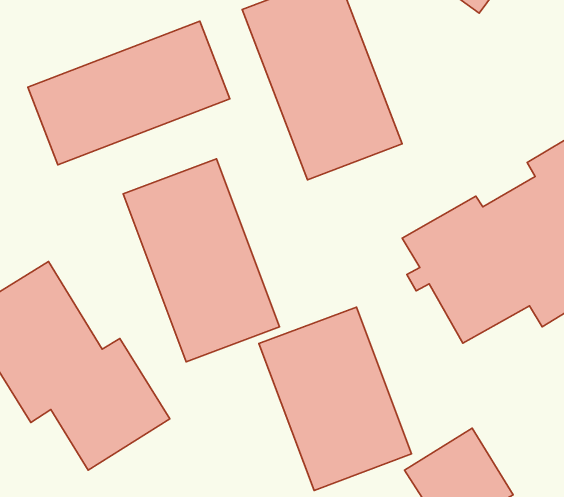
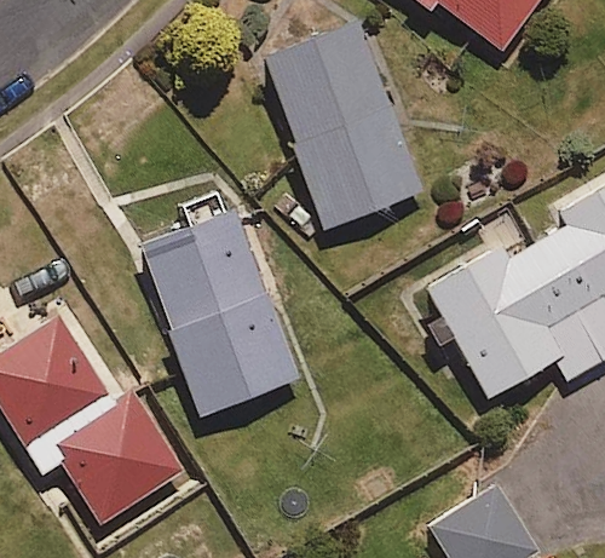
building: [28,21,230,165] -> none
building: [259,307,412,490] -> none

